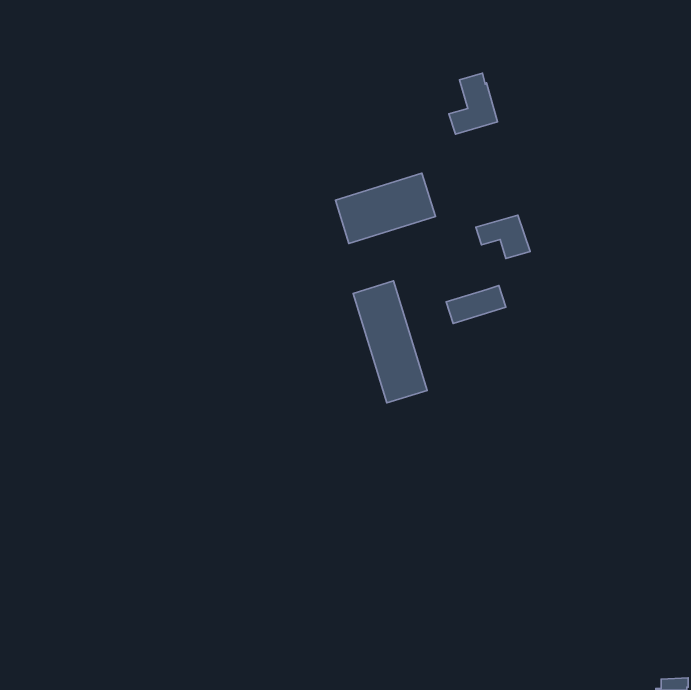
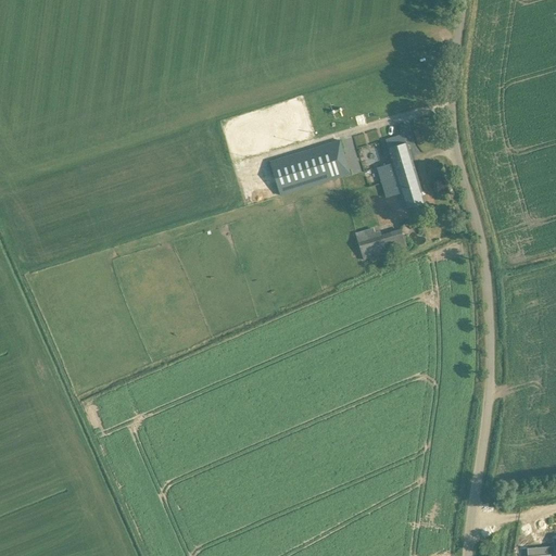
building: [449,73,497,134] -> [377,134,416,182]
building: [353,281,427,403] -> none

